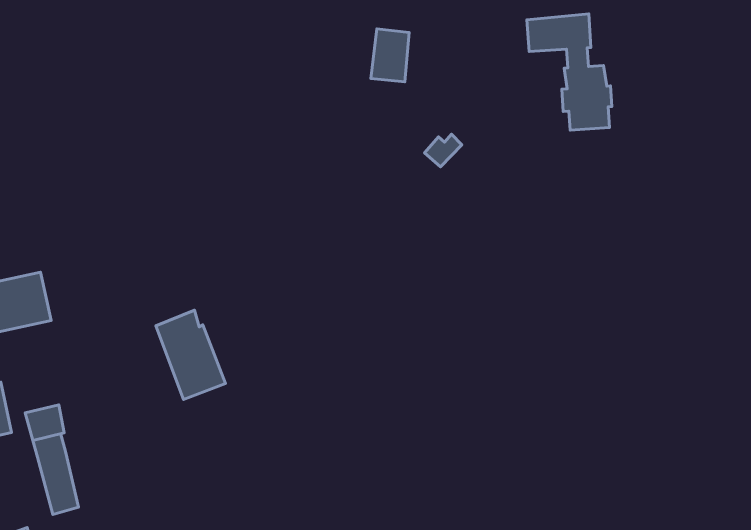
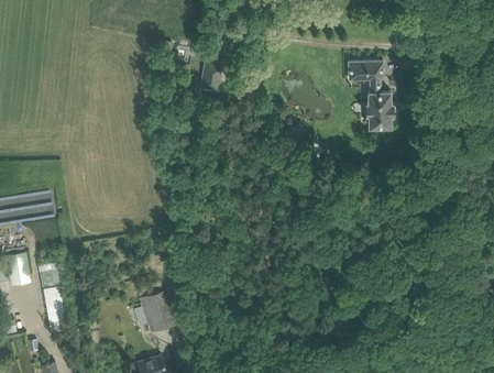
building: [371,29,409,82] -> [199,61,223,92]
building: [156,310,226,400] -> [138,281,176,332]

